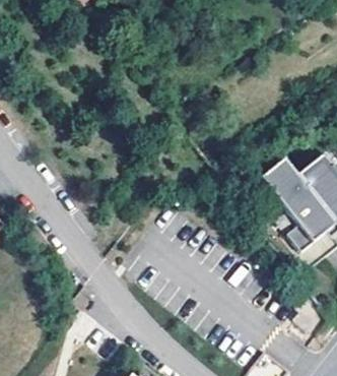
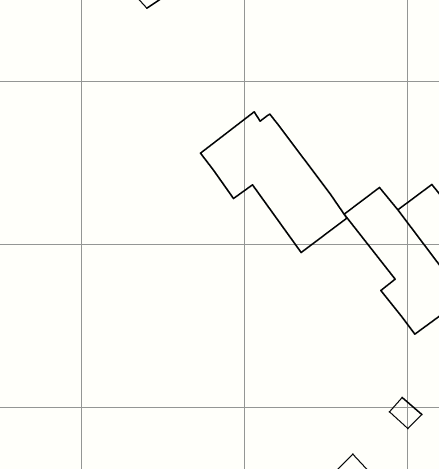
building: none -> [201,112,347,252]

